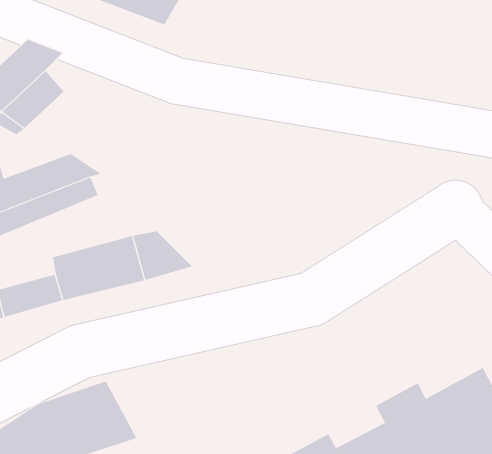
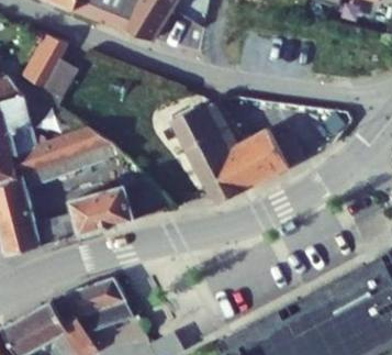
building: none -> [170,90,298,196]

